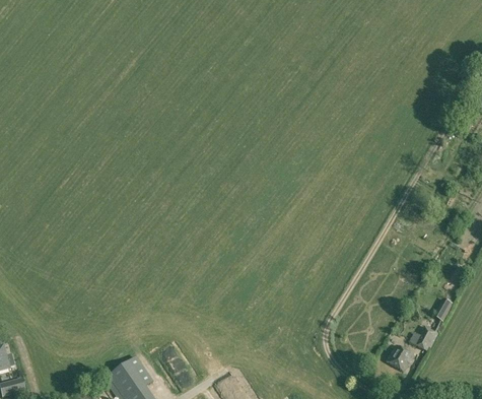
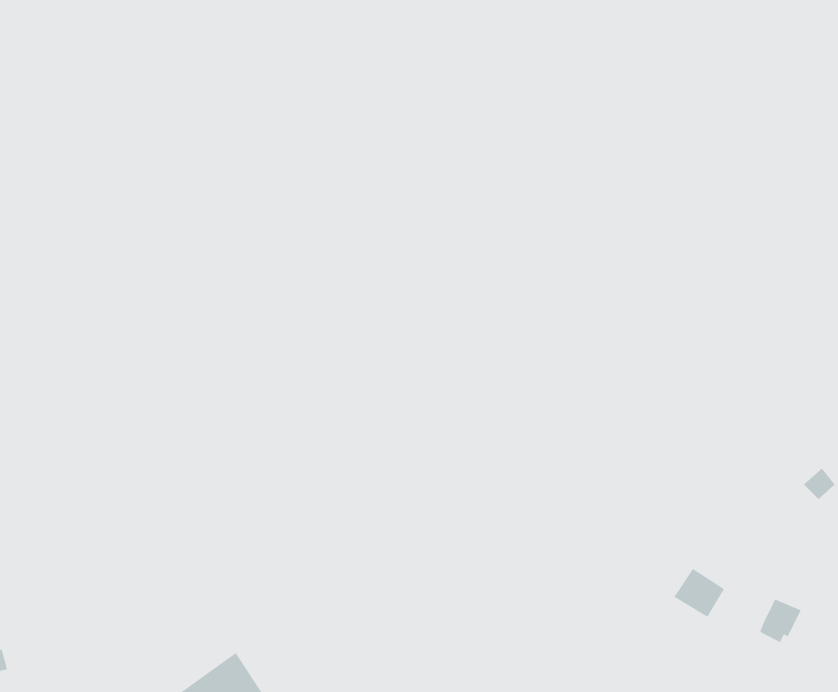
building: [386,344,413,371] -> [673,568,725,618]

